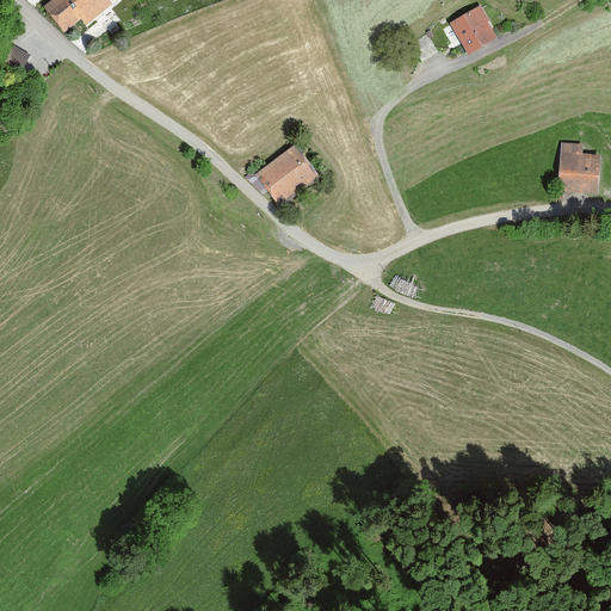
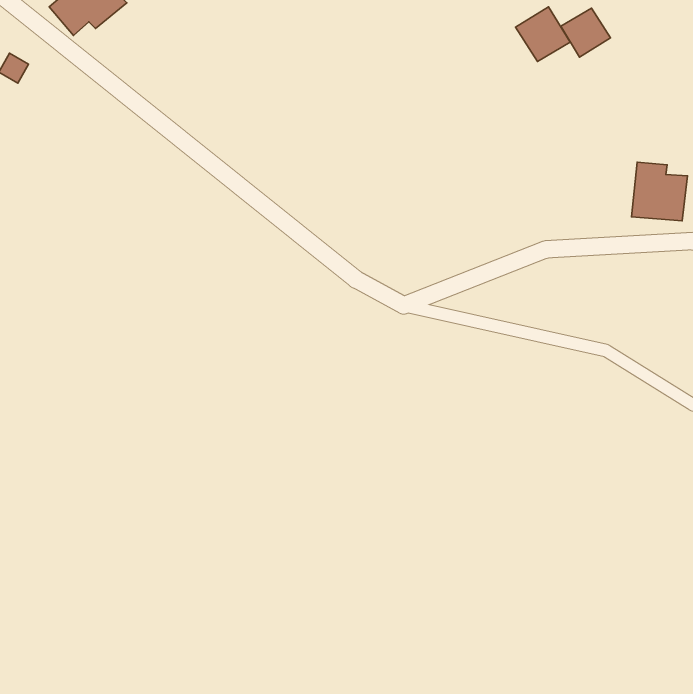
building: none -> [561,8,611,57]
building: [257,143,319,204] -> none

